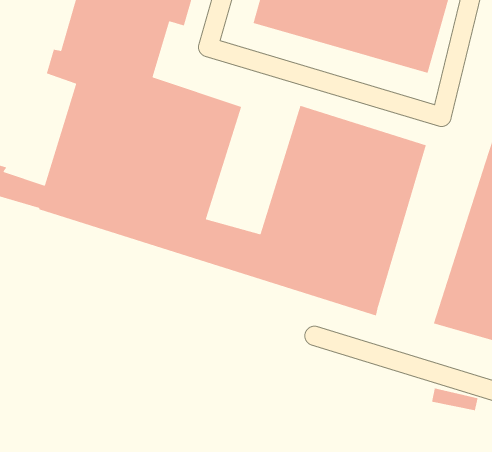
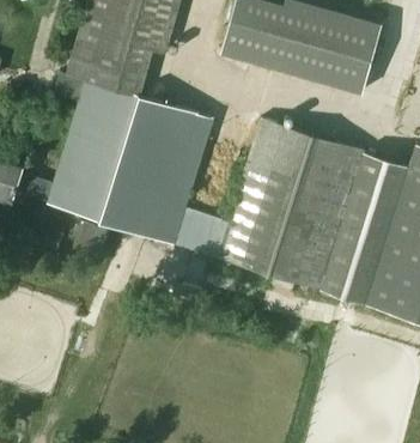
building: none -> [323,152,409,297]

